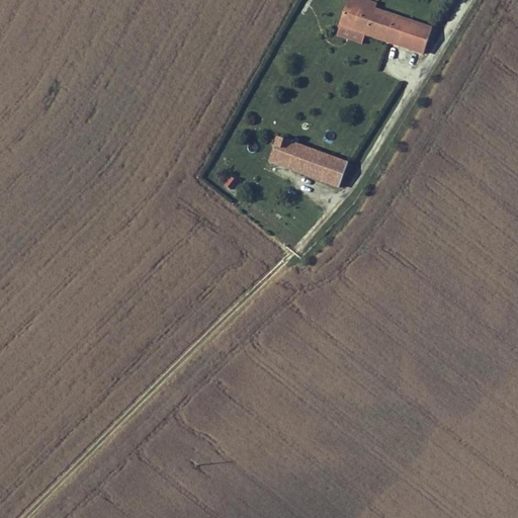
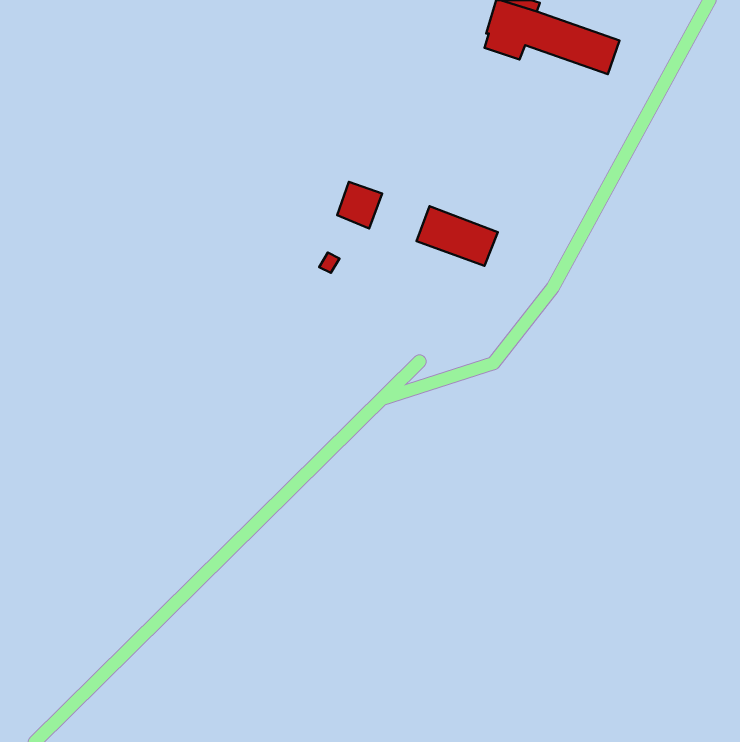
building: [268,136,299,168] -> [337,182,382,228]

